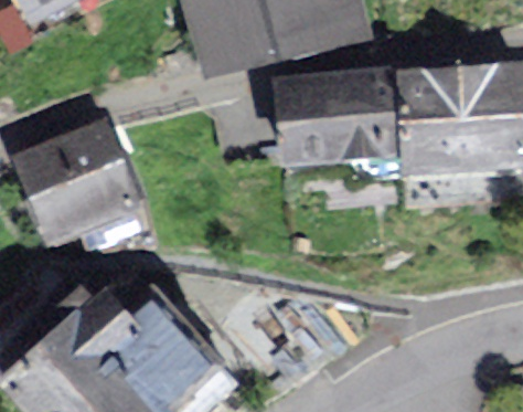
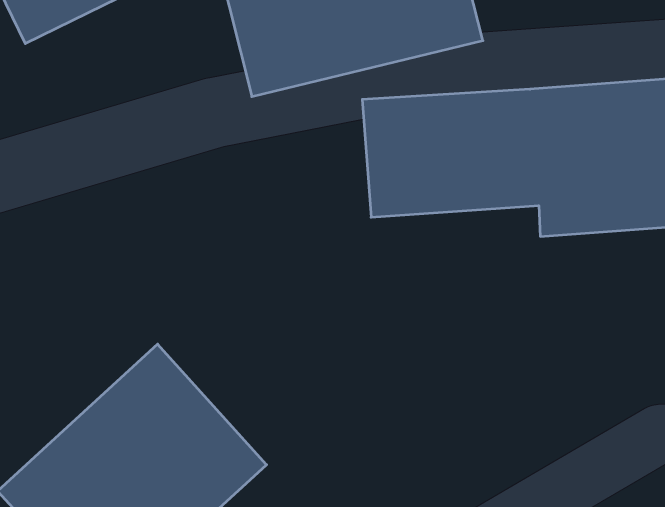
building: [20,118,131,230] -> none

